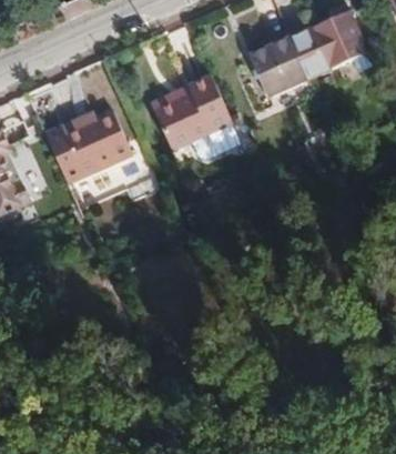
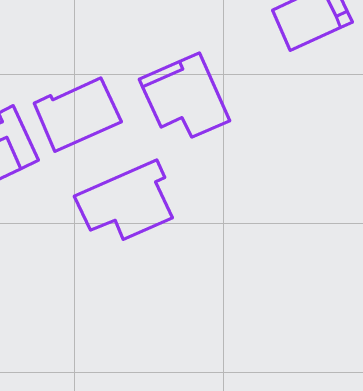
building: [246,38,304,97] -> none
building: none -> [74,160,173,239]

